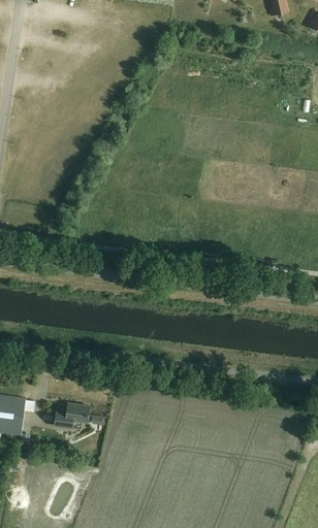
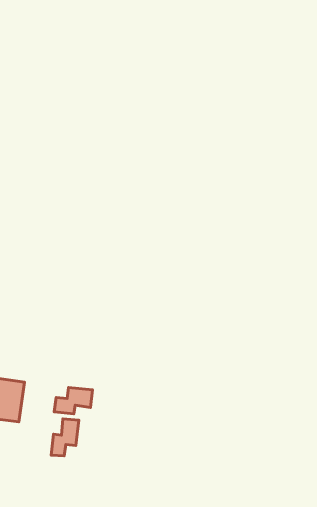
building: none -> [51,419,79,456]

